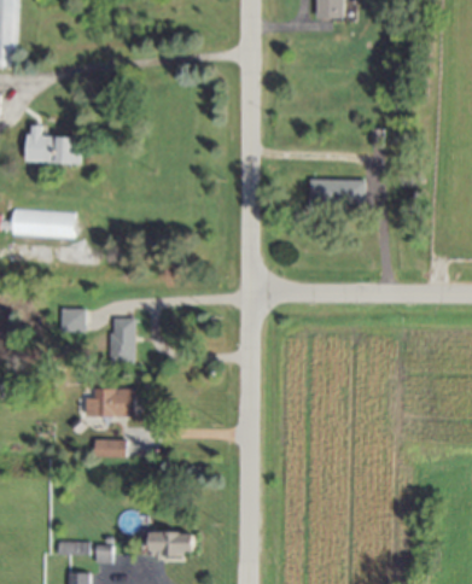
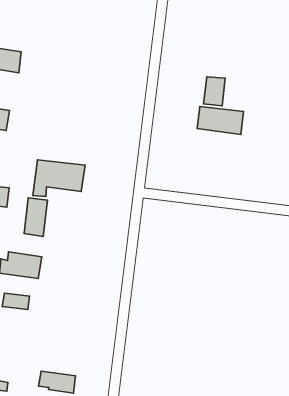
building: none -> [204,77,225,106]
building: none -> [33,160,85,196]

